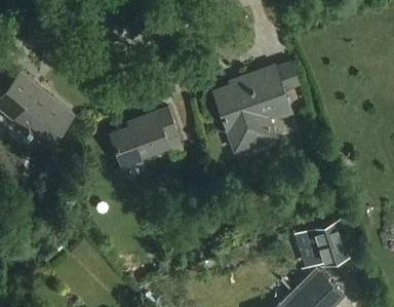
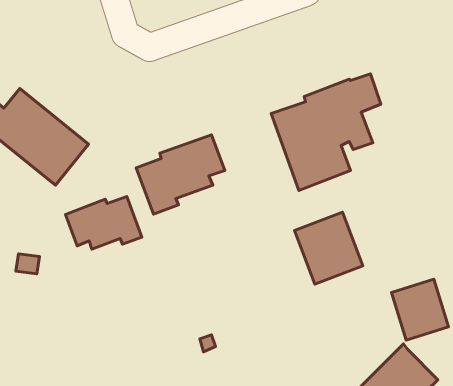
building: none -> [66,196,142,249]
building: none -> [295,212,363,284]

